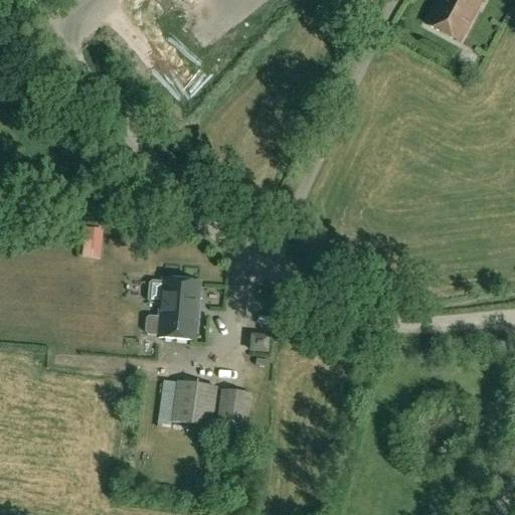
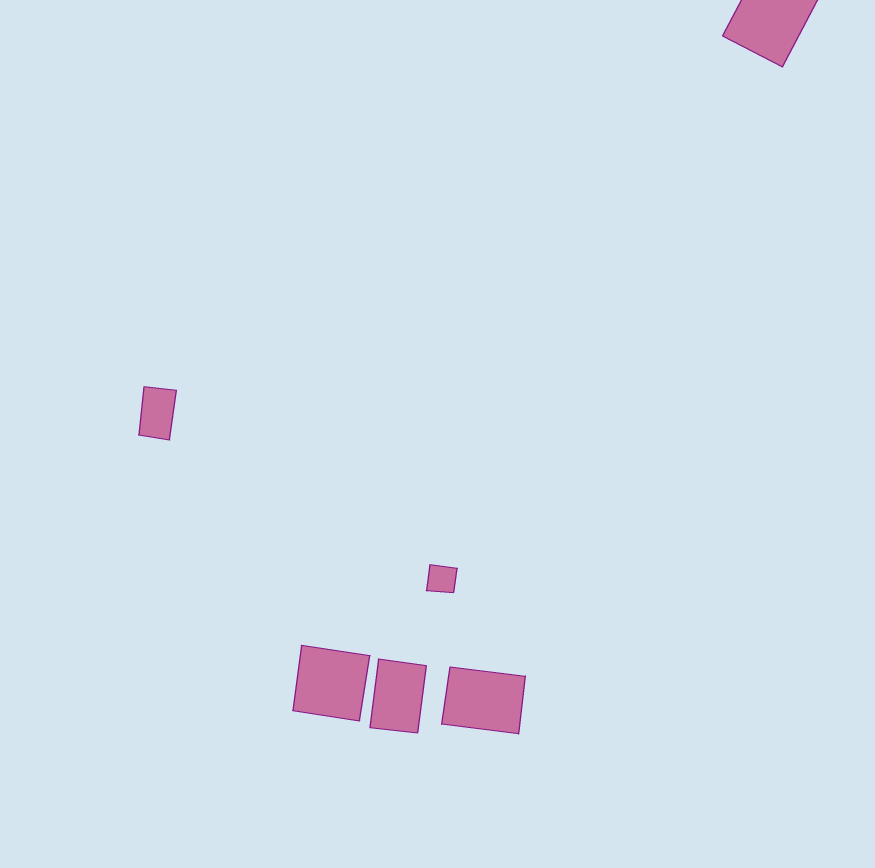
building: [145,276,199,337] -> none
building: none -> [442,667,525,734]

